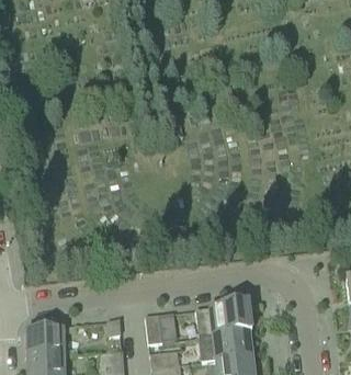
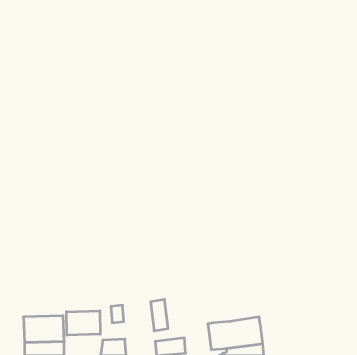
building: [195,305,251,338] -> none
building: none -> [66,311,100,335]

